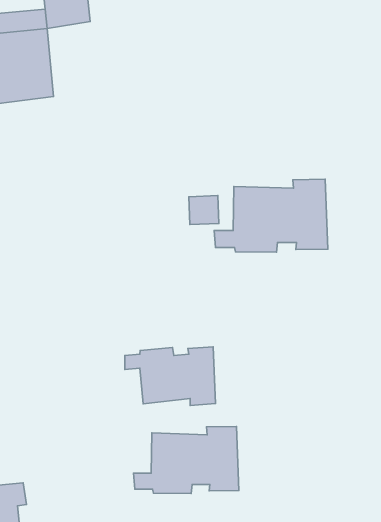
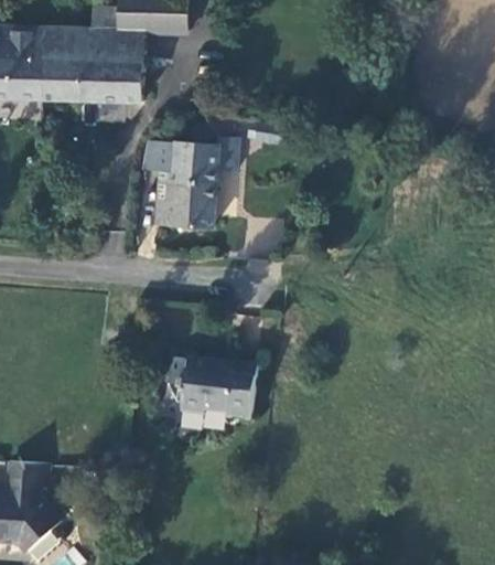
building: none -> [147,141,235,225]
building: [214,179,328,252] -> none
building: [134,427,239,493] -> none

